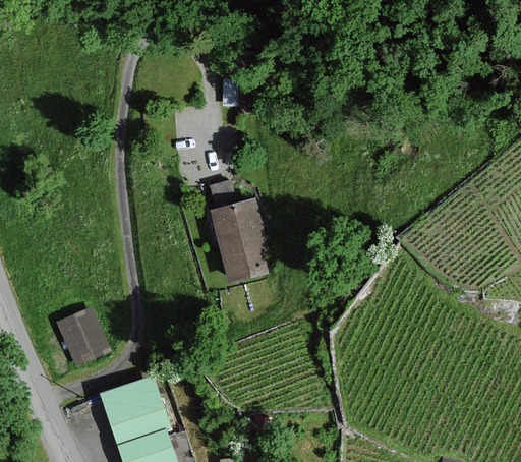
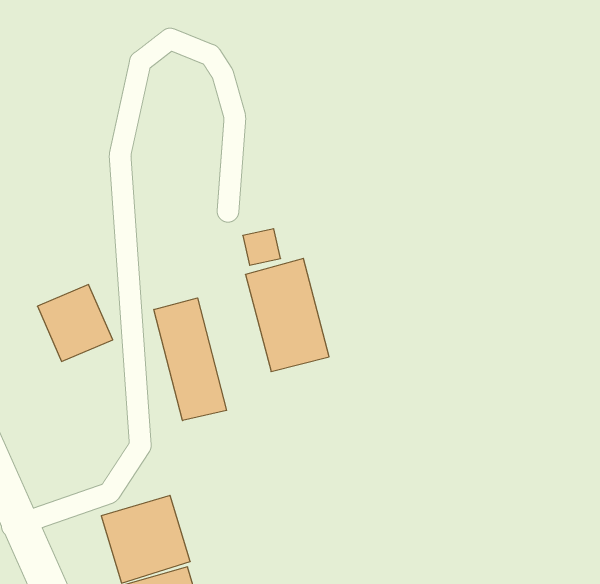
building: none -> [154,298,227,421]
building: [55,309,112,367] -> [37,285,113,361]

